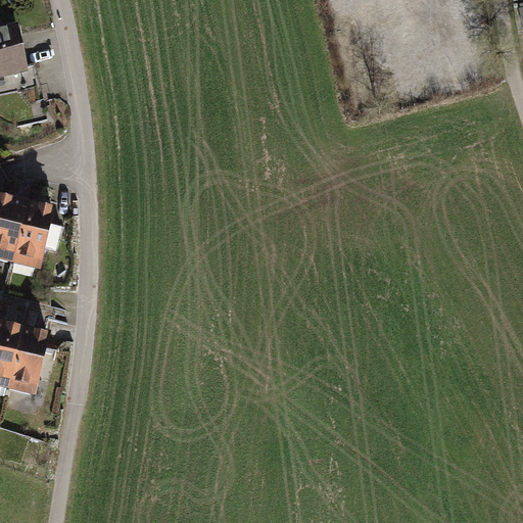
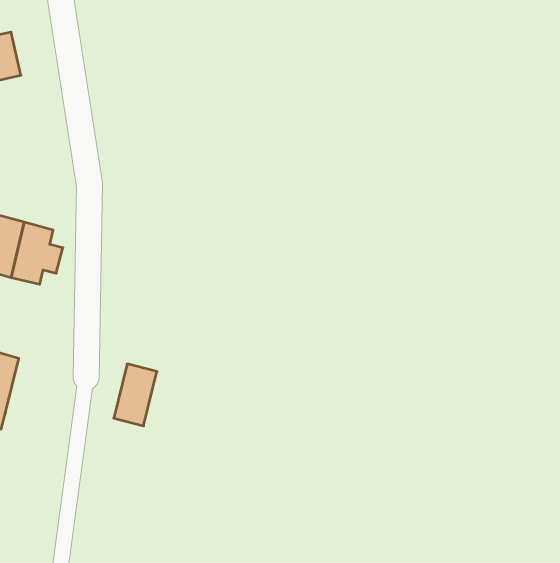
building: [5,333,45,390] -> [114,364,157,426]

